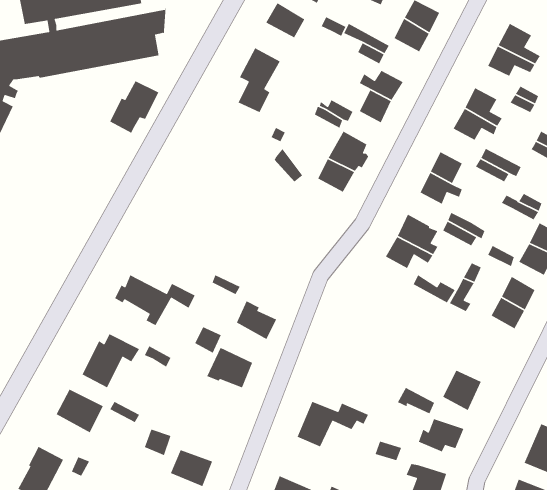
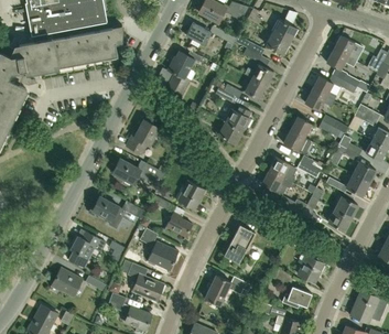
building: [109,80,159,134] -> [127,120,159,154]
building: none -> [114,158,160,183]
building: none -> [176,180,206,209]
building: none -> [224,225,255,262]
building: none -> [128,263,163,301]

